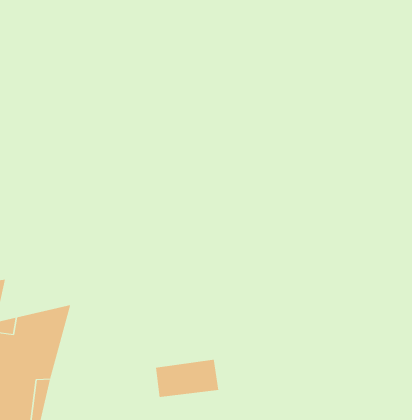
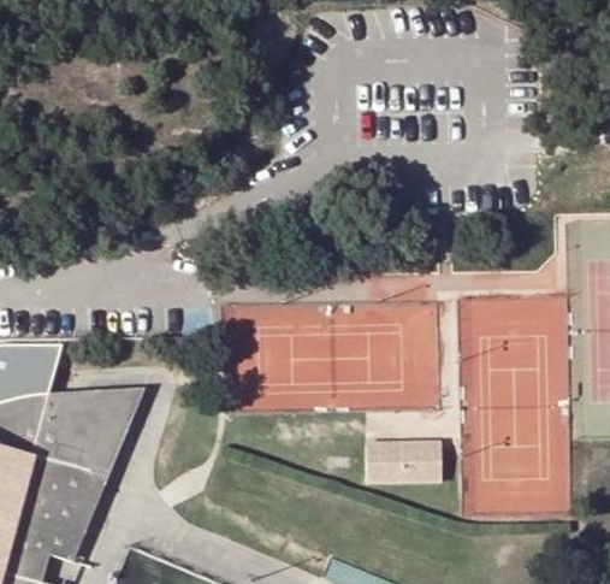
building: [155,359,219,398] -> [367,442,442,480]

